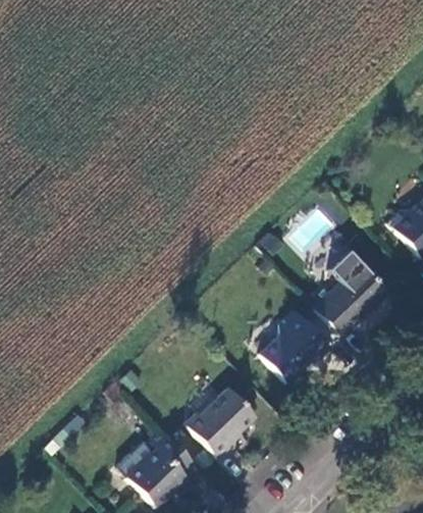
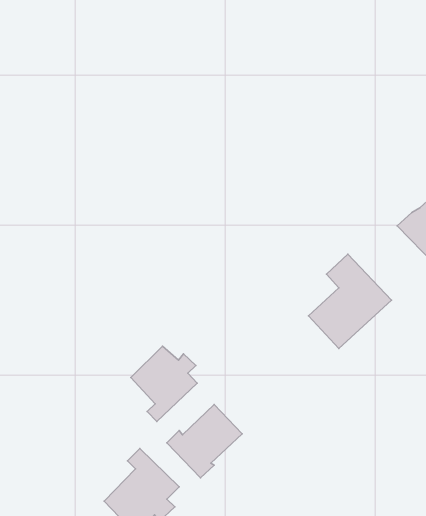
building: [258,307,329,381] -> none
building: none -> [131,346,197,422]

